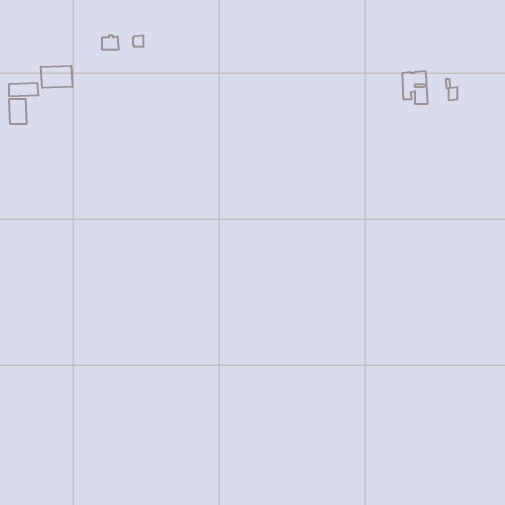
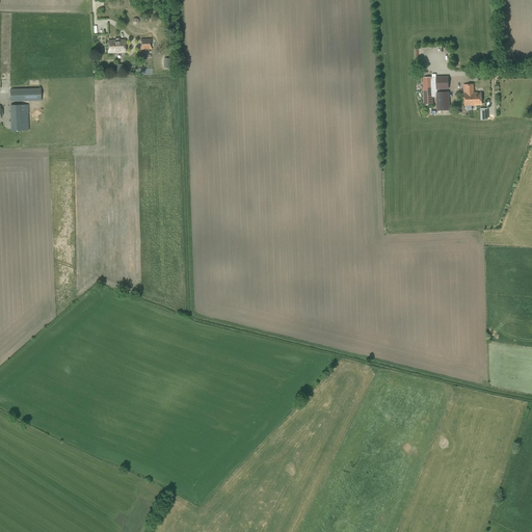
building: [41,66,73,88] -> none

